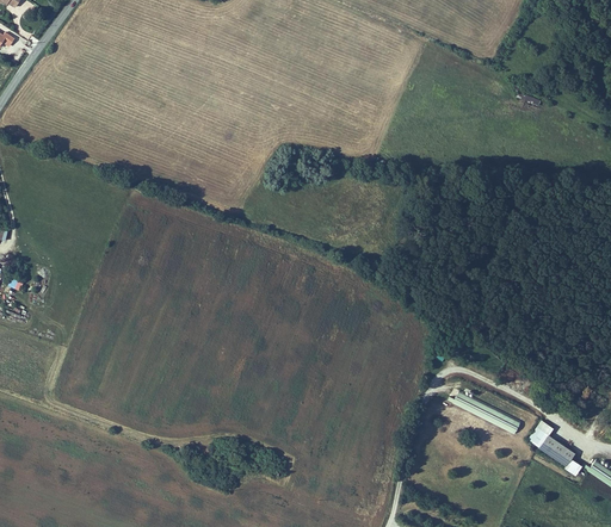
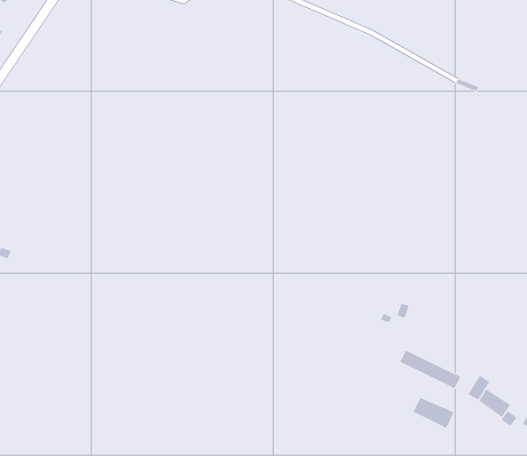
building: none -> [413,397,454,428]

